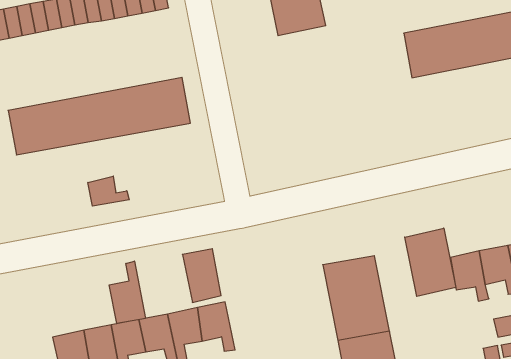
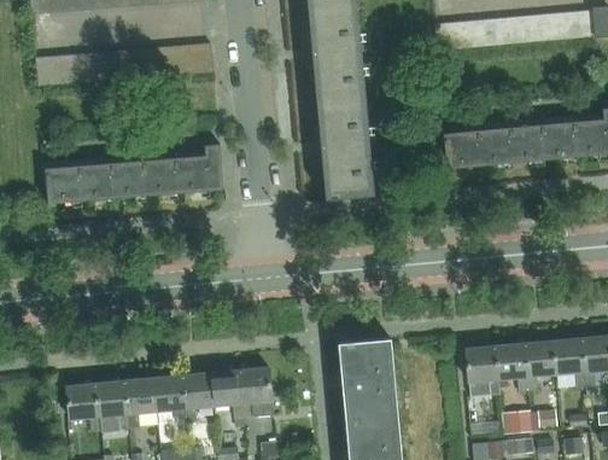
building: none -> [318,107,378,199]
building: [88,176,129,206] -> none
building: [405,228,456,296] -> none
building: [182,249,221,302] -> [239,367,273,418]
building: [109,261,145,324] -> none

